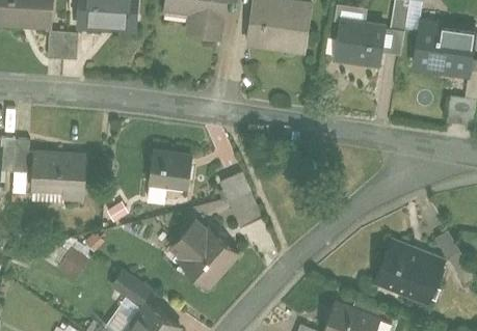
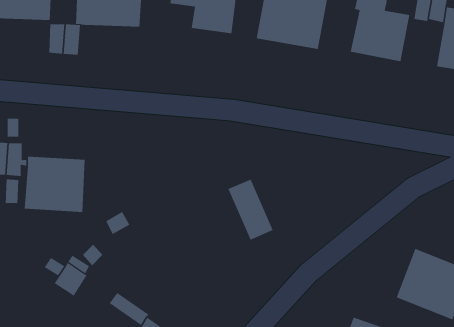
building: [149,149,191,191] -> none
building: [166,219,240,292] -> none

